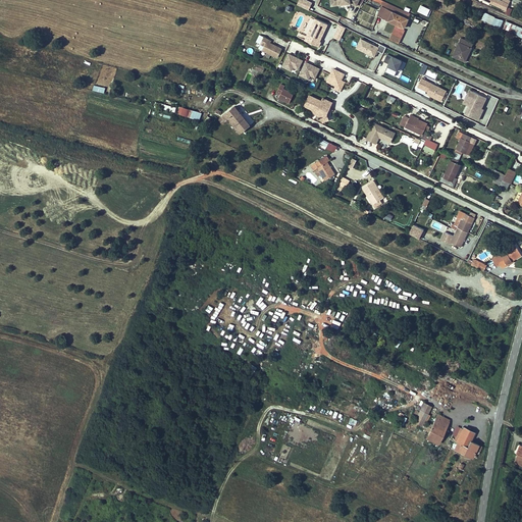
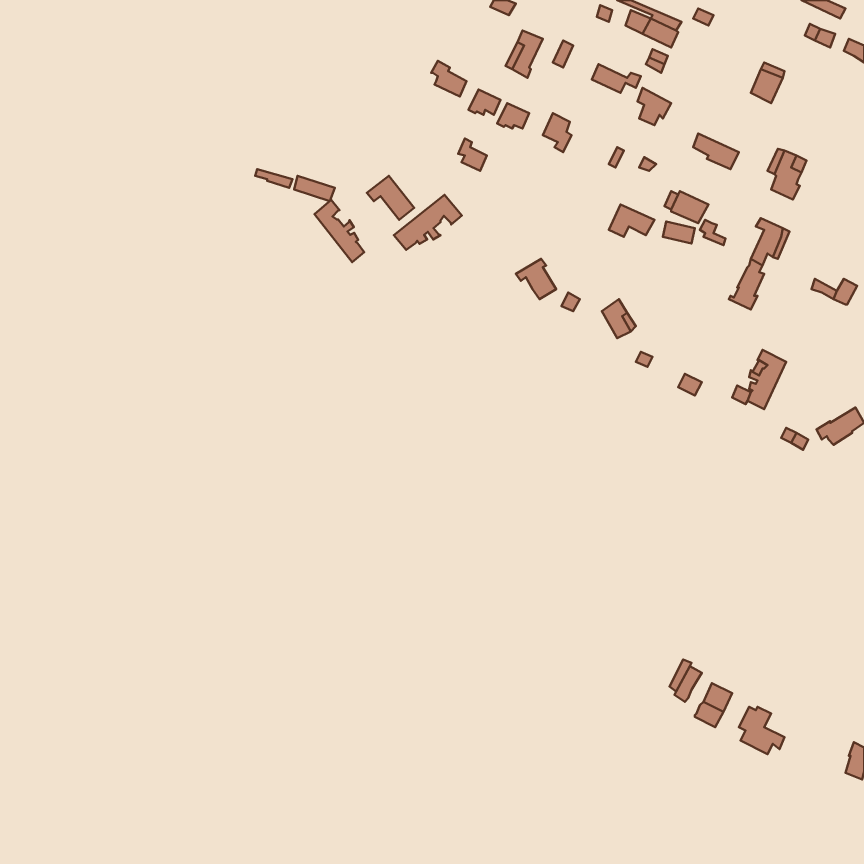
building: [305,95,332,122] -> none
building: none -> [394,195,462,250]
building: none -> [314,200,364,262]

